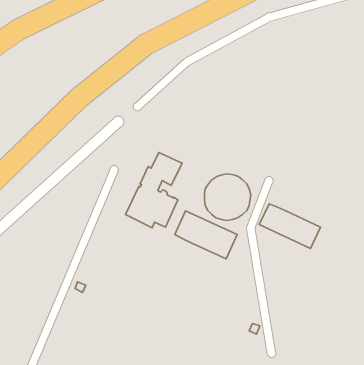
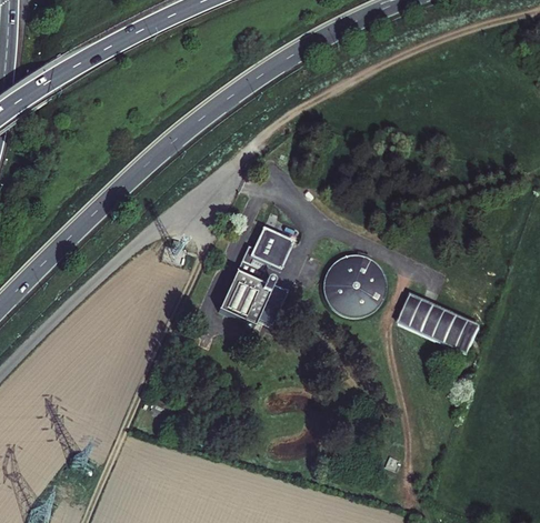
building: [175,211,237,259] -> none

